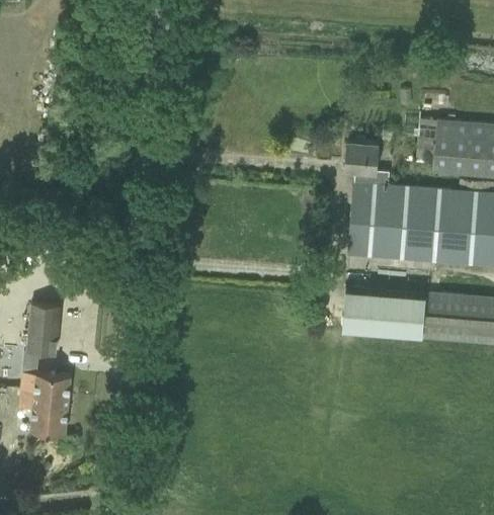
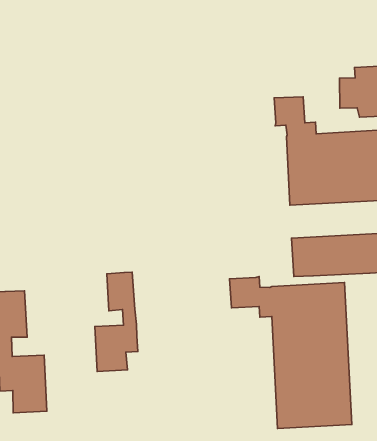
building: none -> [95,272,138,371]
building: none -> [229,277,352,428]

